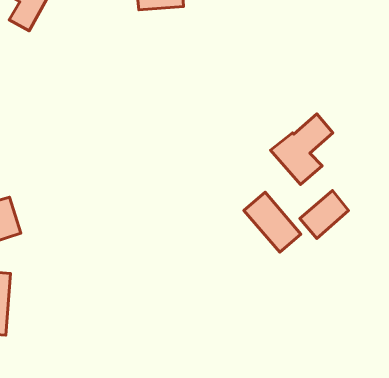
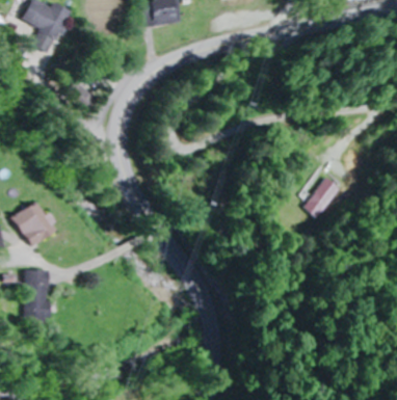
building: [270,114,333,185] -> none
building: [244,192,301,252] -> none

